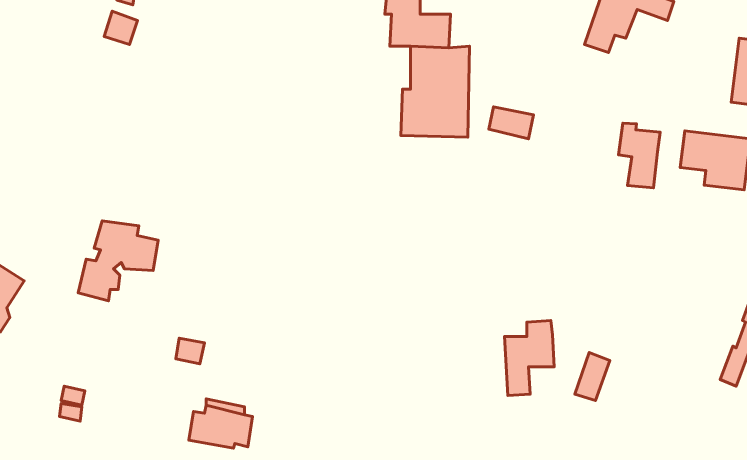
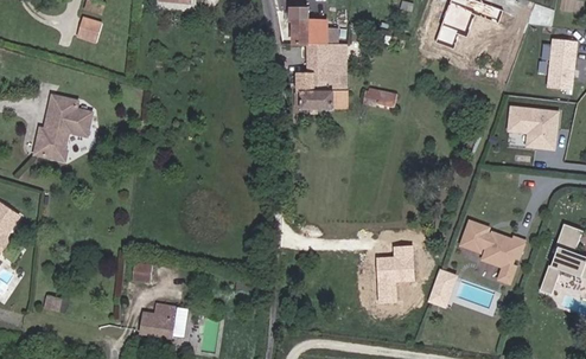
building: [618,123,660,188] -> none
building: [78,221,158,301] -> [31,96,90,155]
building: none -> [458,220,522,283]

